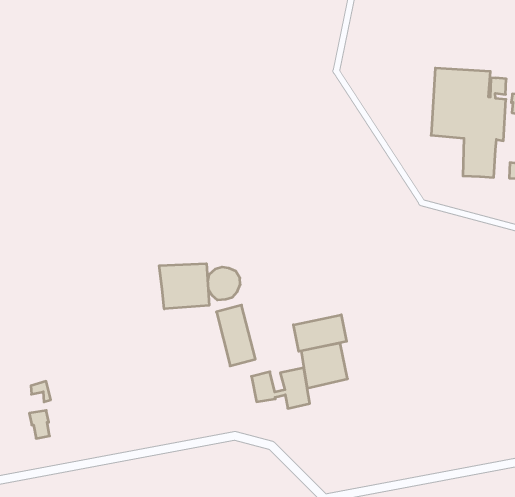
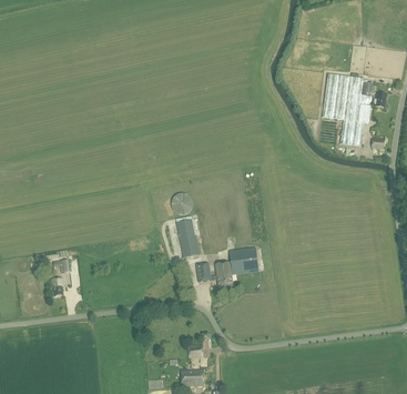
building: [159,264,209,309] -> none
building: [293,315,347,351] -> none

